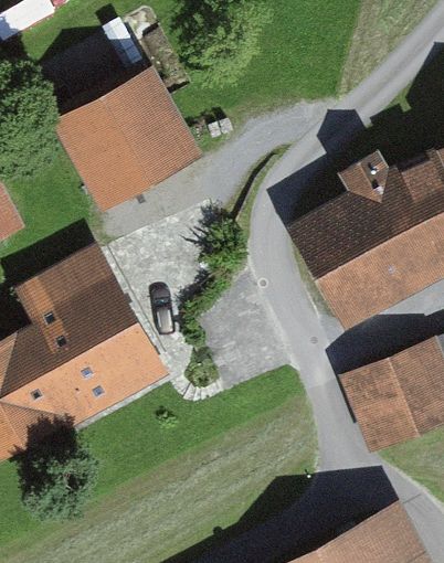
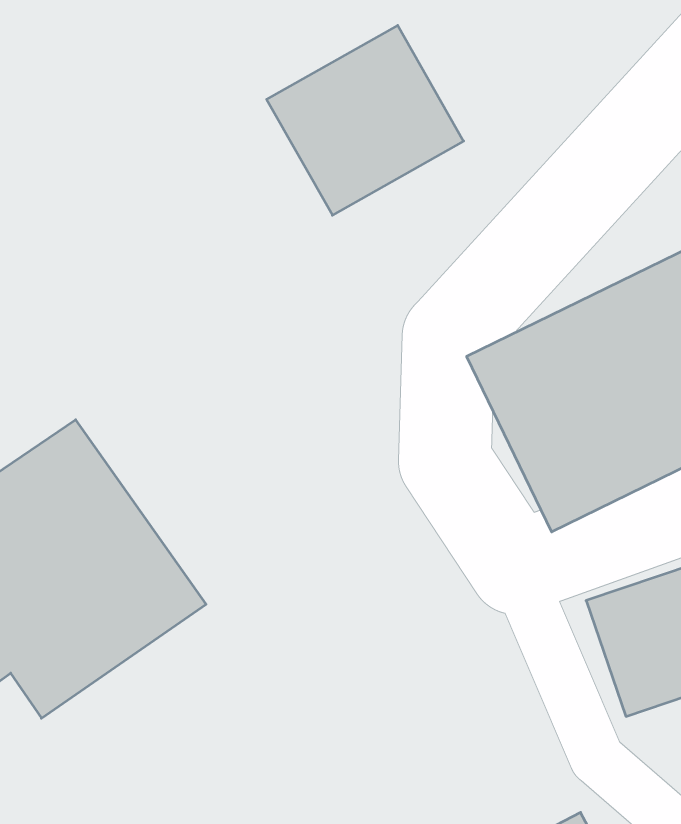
building: none -> [267,25,464,215]
building: [40,61,189,210] -> none

